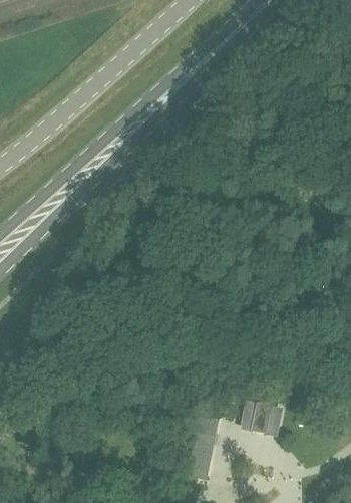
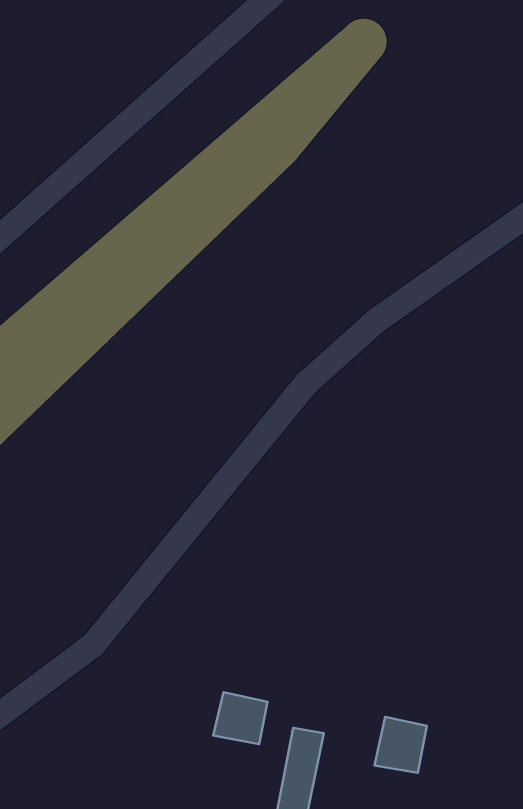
building: none -> [213,692,267,744]

